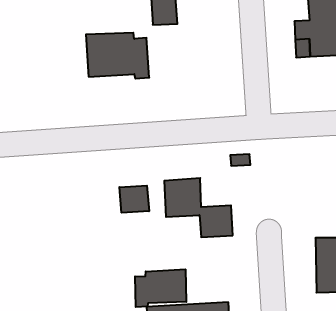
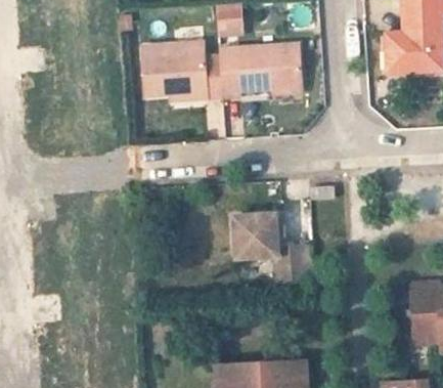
building: none -> [214,42,298,97]
building: [119,186,149,213] -> none
building: [135,269,186,307] -> none

